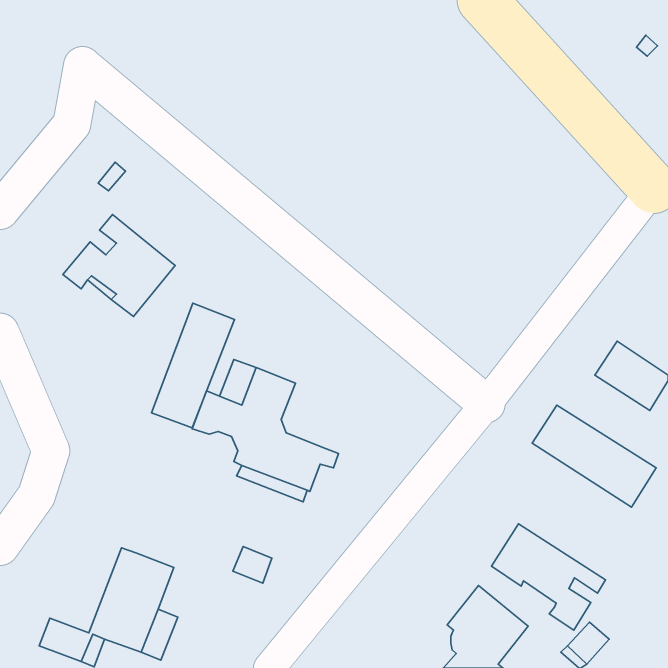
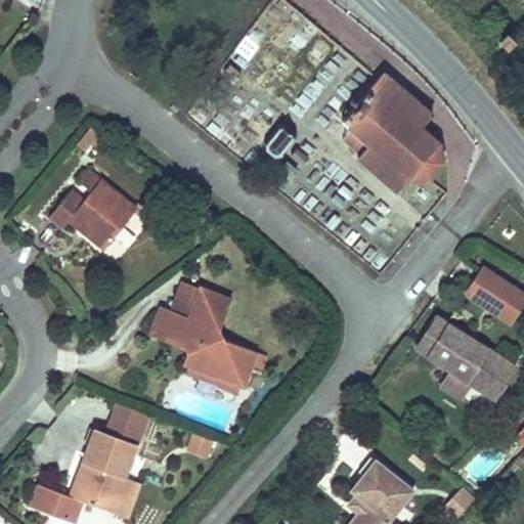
building: none -> [341,73,445,191]
building: [151,303,234,428] -> none
building: none -> [106,406,146,444]
building: [492,524,606,630] -> none

